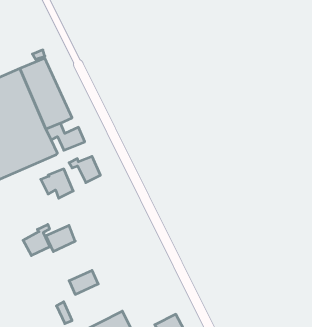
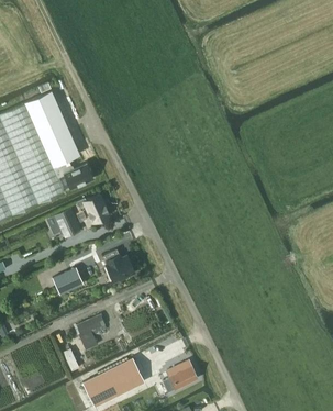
building: none -> [103,251,134,282]
building: [23,224,50,256] -> none

